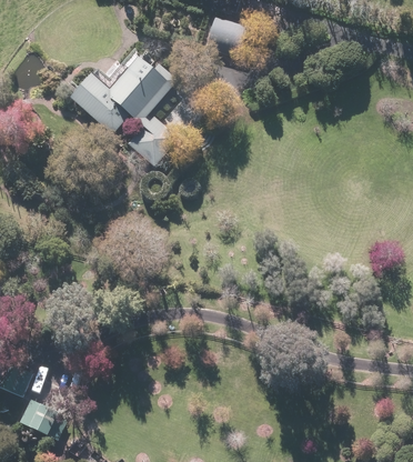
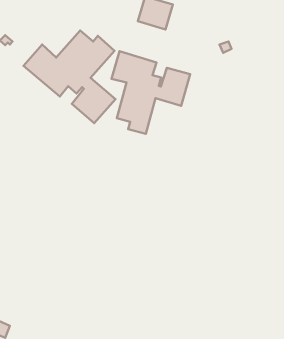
building: none -> [111,51,190,134]

